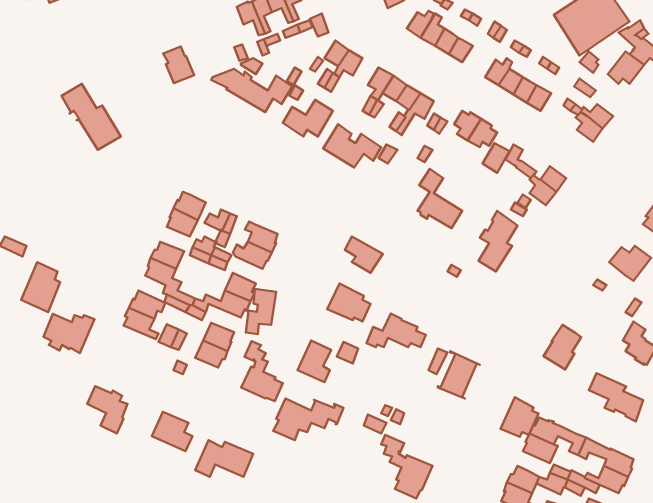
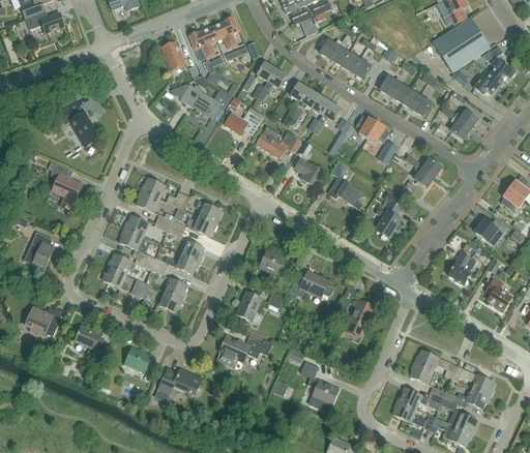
building: [163,47,194,83] -> [161,41,185,69]
building: none -> [51,161,83,209]
building: [345,236,383,273] -> [295,157,324,185]
building: [246,289,276,334] -> none
building: [43,314,95,353] -> [25,306,64,336]
building: [544,325,581,370] -> [447,250,476,284]
building: [241,341,283,401] -> none
building: [589,373,643,421] -> none
building: [500,397,539,437] -> none

